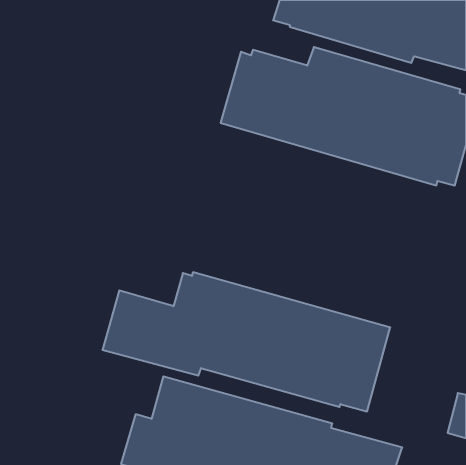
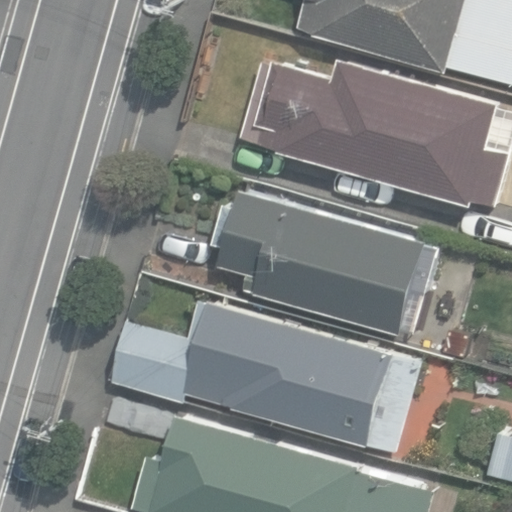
building: none -> [211,192,439,337]

